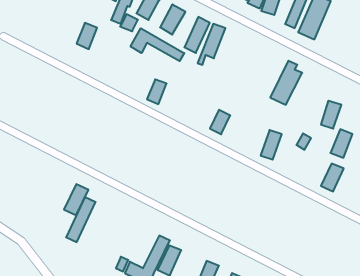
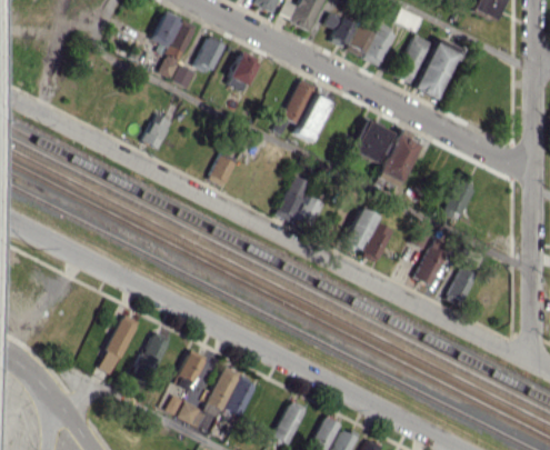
building: [184,17,210,53] -> [297,93,331,142]
building: [77,23,97,49] -> [143,113,171,149]
building: [131,28,184,61] -> none
building: none -> [353,121,392,163]
building: none -> [276,176,310,222]
building: none -> [344,208,379,250]
building: [330,129,352,158] -> [416,247,446,286]
building: [64,184,88,215] -> [138,331,171,373]
building: none -> [176,353,203,389]

